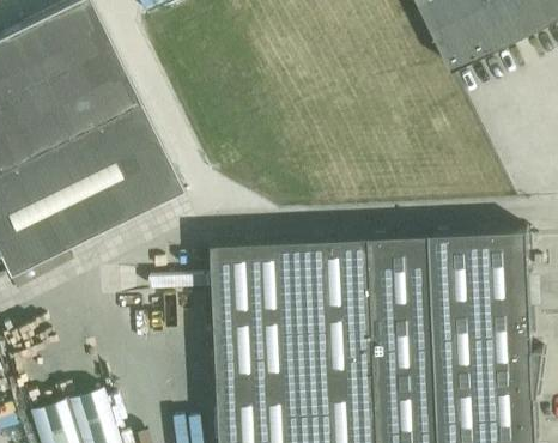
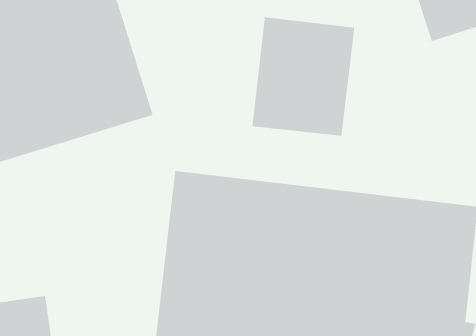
building: none -> [252,16,355,136]

